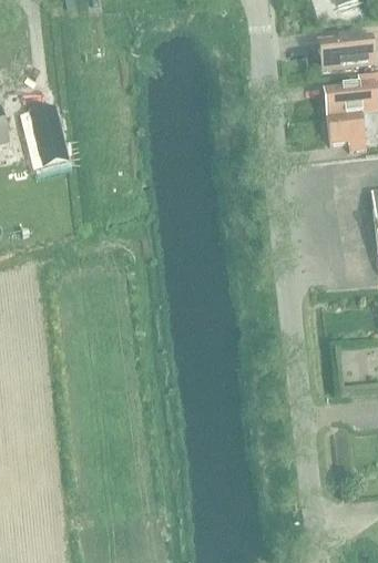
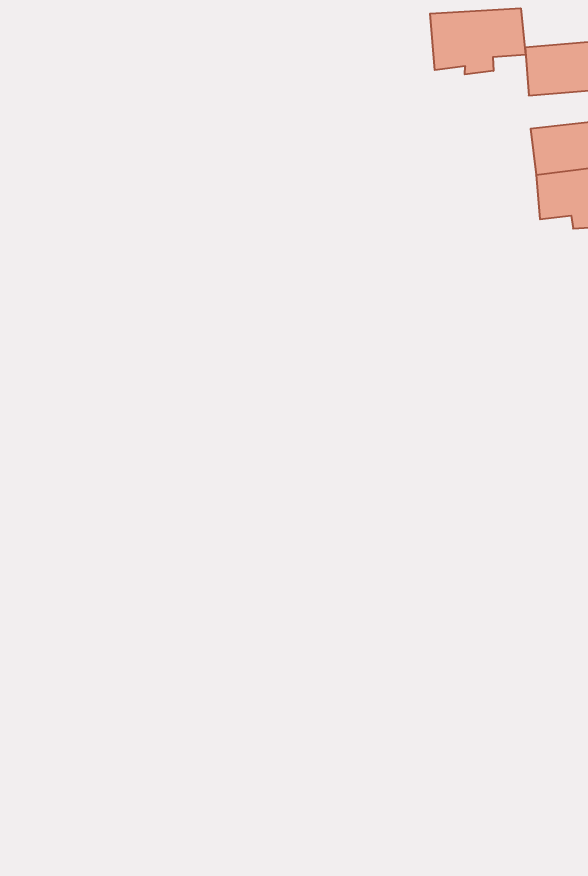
building: none -> [430,8,526,74]
building: [30,106,69,165] -> none

